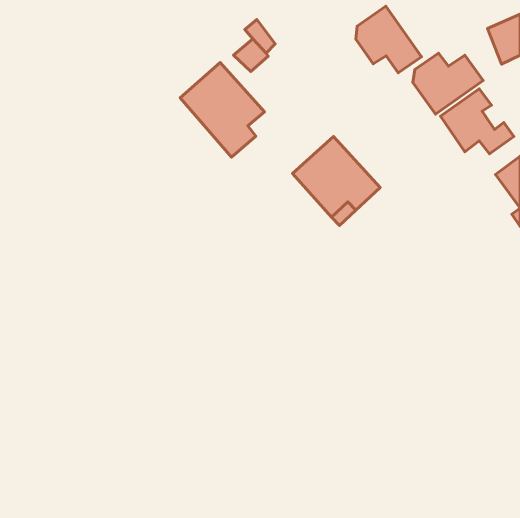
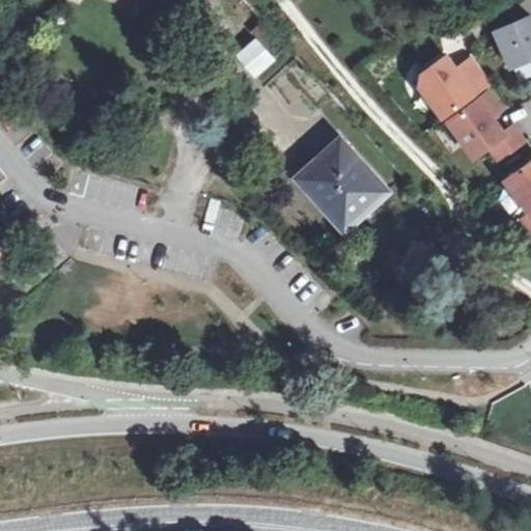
building: [356,6,422,73] -> none
building: [180,63,264,157] -> none

